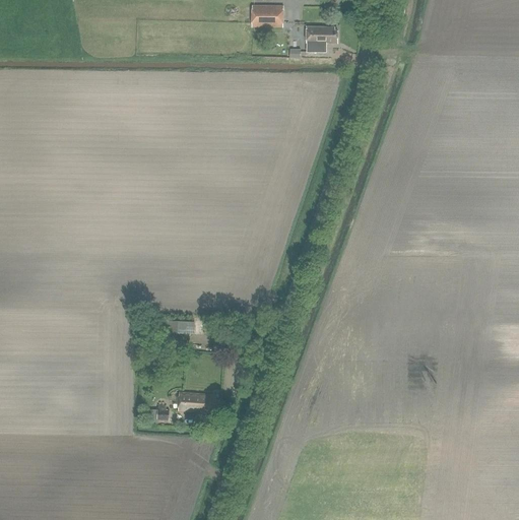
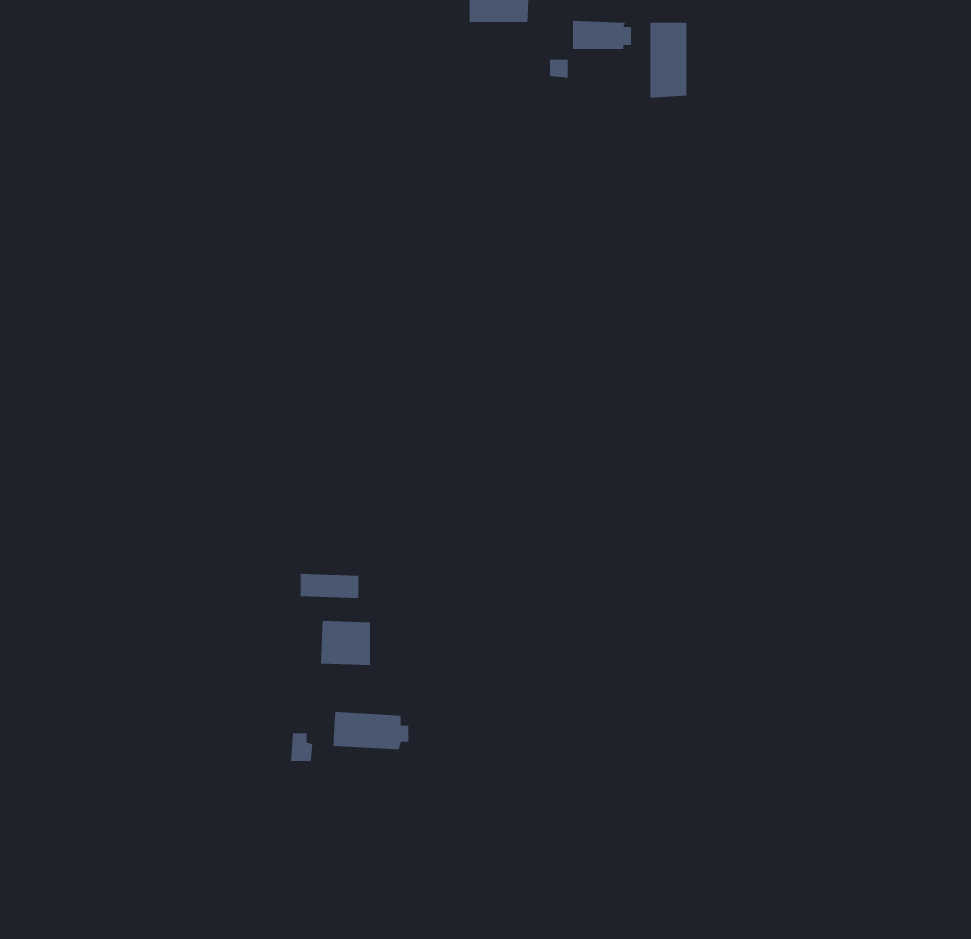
building: none -> [650,22,687,99]
building: none -> [321,620,370,666]

